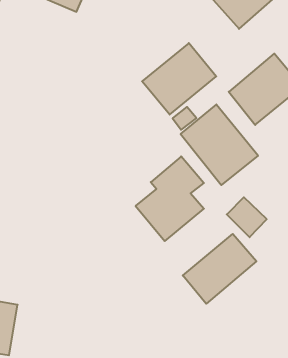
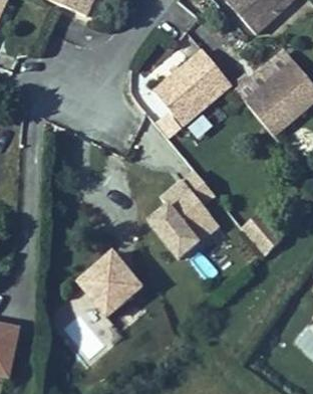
building: [181,104,258,185] -> none
building: [183,234,256,304] -> none
building: none -> [75,252,141,320]

